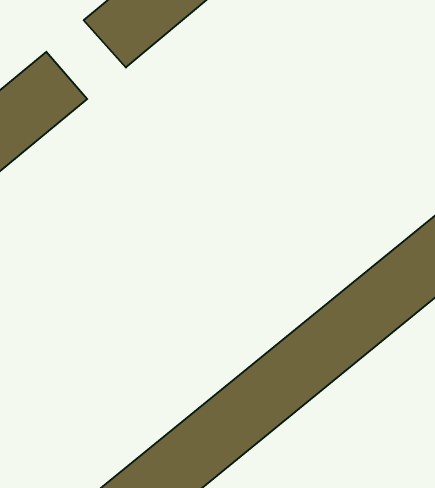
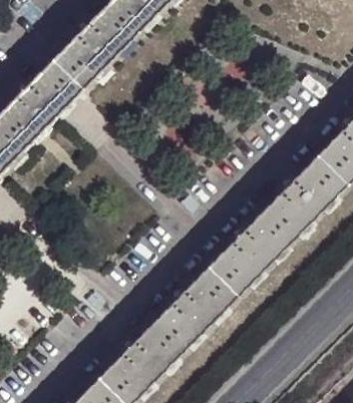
building: none -> [36,54,91,107]

